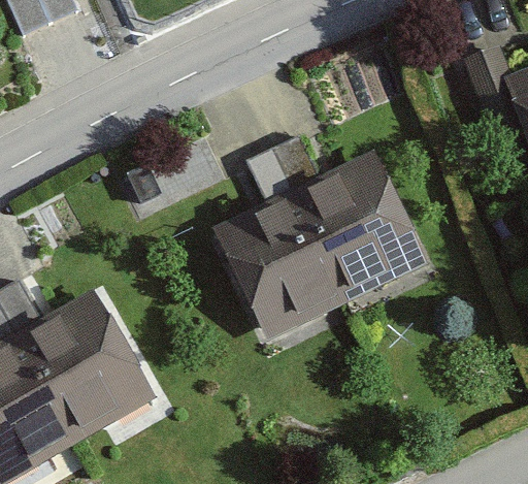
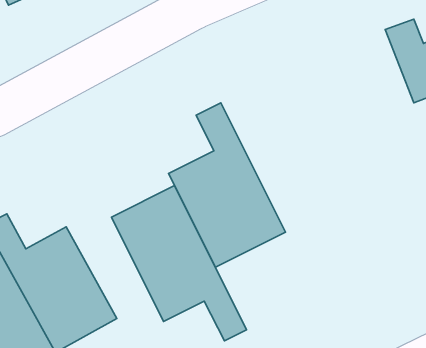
building: [273,132,427,299] -> none
building: none -> [111,186,247,341]

